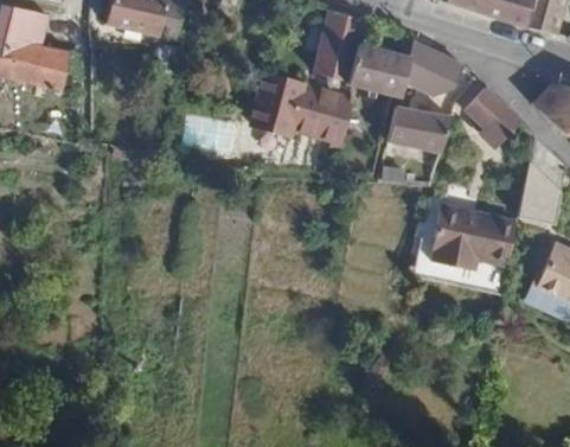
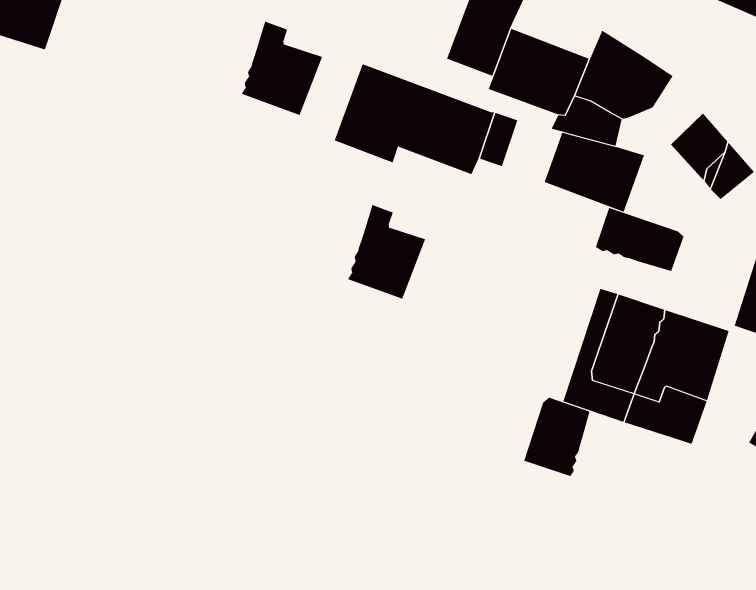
building: none -> [241,21,323,116]
building: none -> [595,207,684,272]
building: none -> [347,204,426,300]
building: none -> [523,397,590,477]

